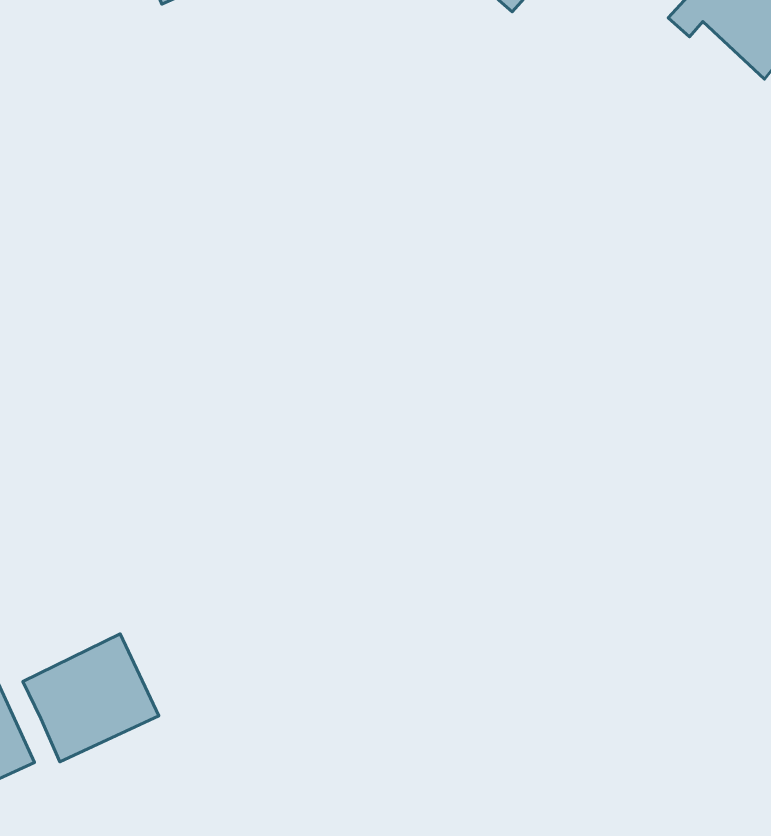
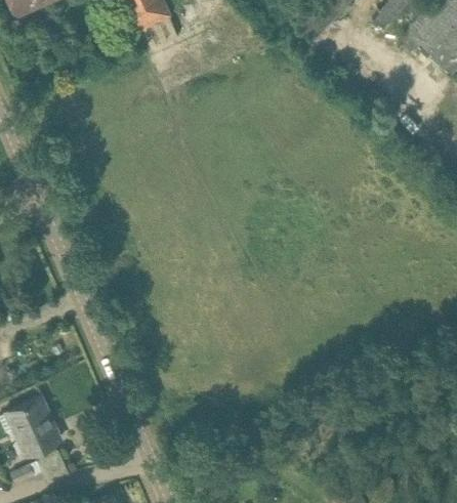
building: [23,634,159,762] -> none

